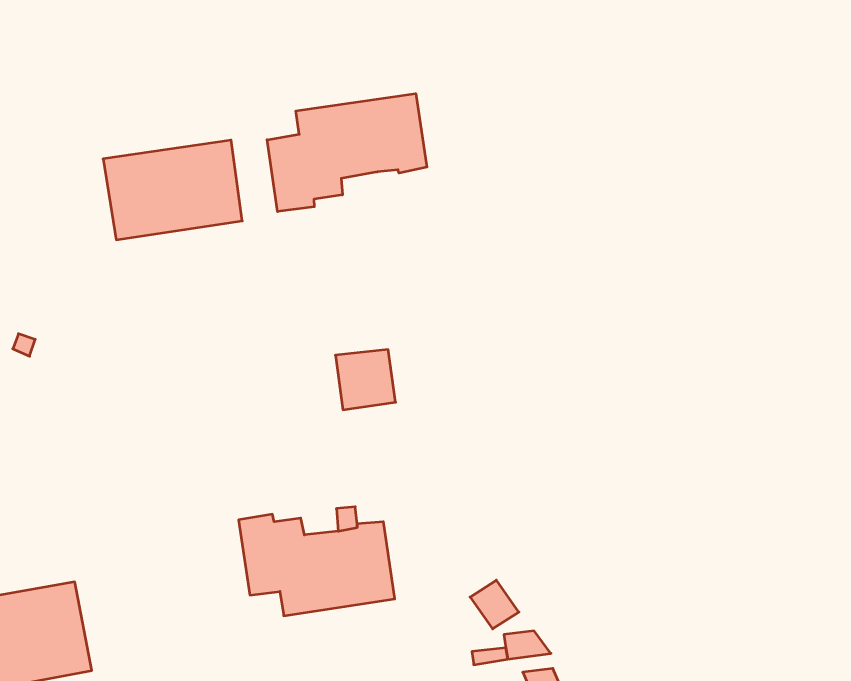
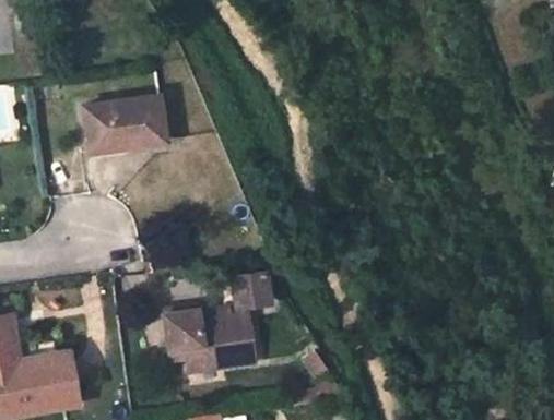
building: [267,94,427,212] -> none
building: [335,350,396,410] -> [237,273,272,308]

